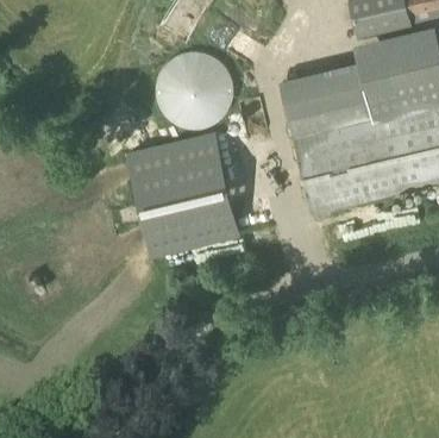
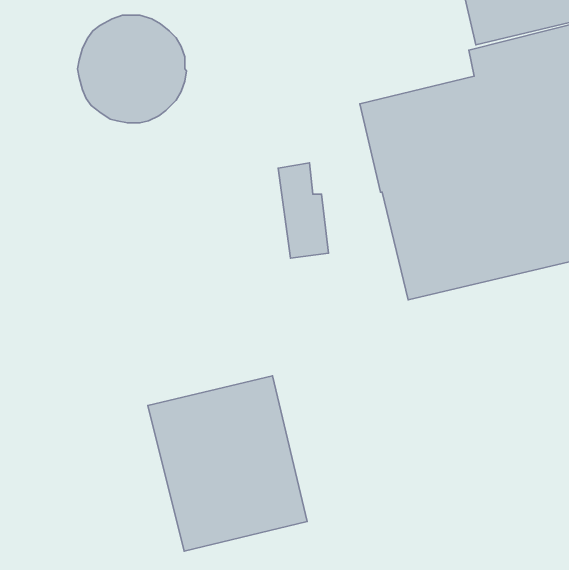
building: [161,51,236,125] -> [77,15,186,123]
building: [127,136,237,256] -> [148,376,307,551]

